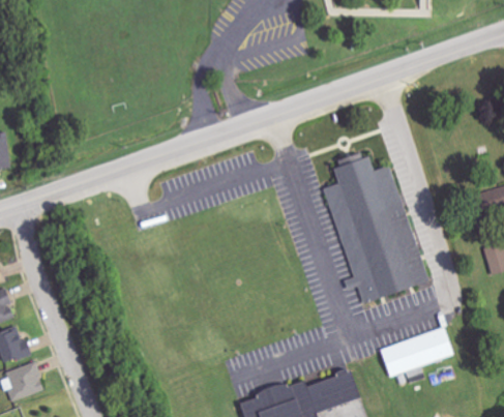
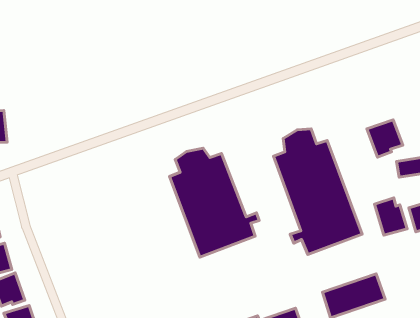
building: none -> [367,120,403,157]
building: none -> [170,148,259,257]
building: none -> [375,198,407,235]

